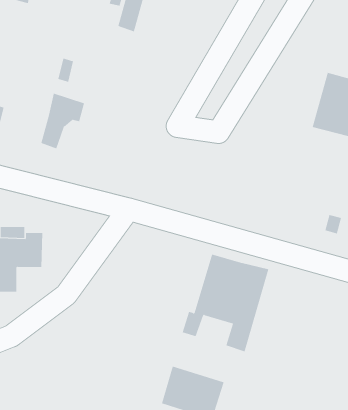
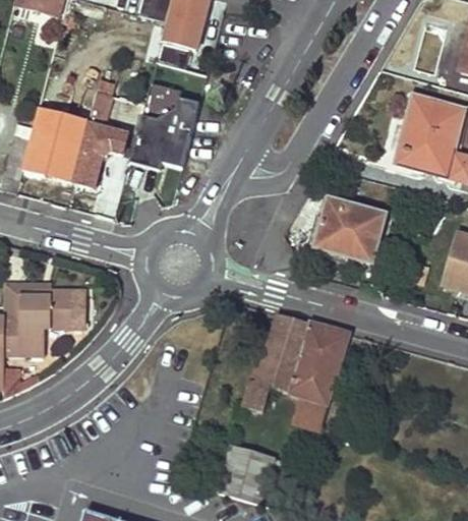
building: none -> [132,84,202,173]
building: none -> [34,108,92,176]
building: none -> [319,197,389,260]

